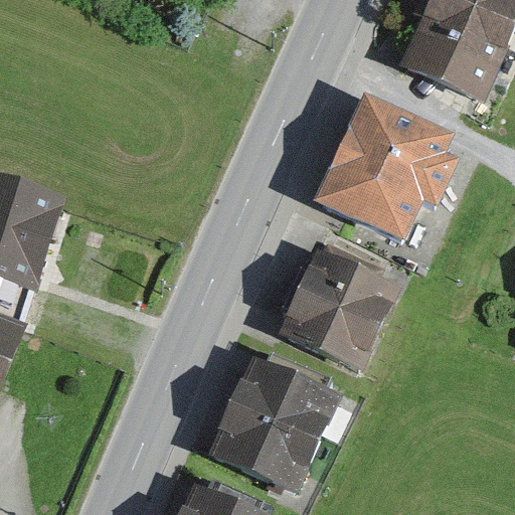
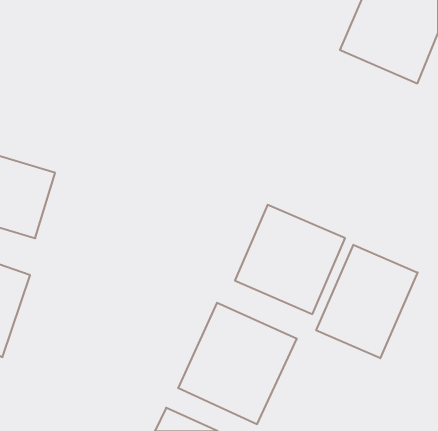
building: [310,94,457,246] -> none
building: none -> [316,245,418,358]

